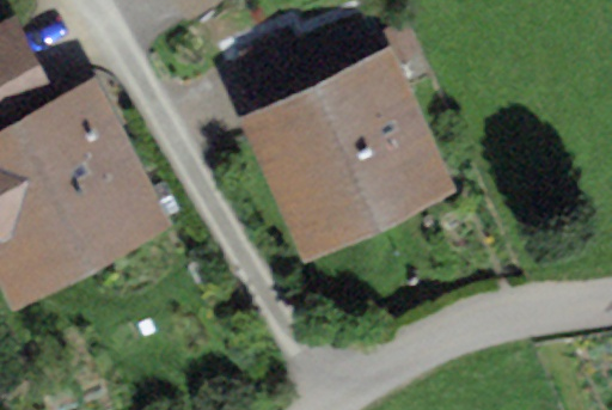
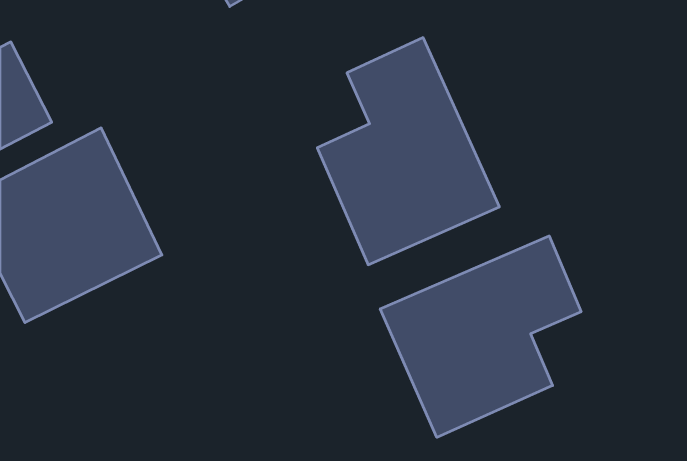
building: none -> [380,236,581,437]

